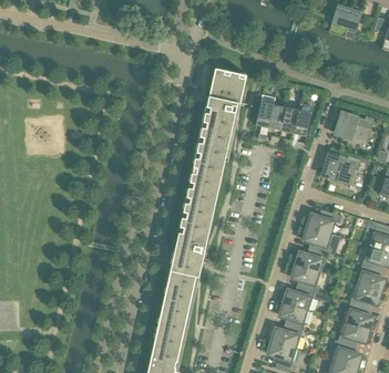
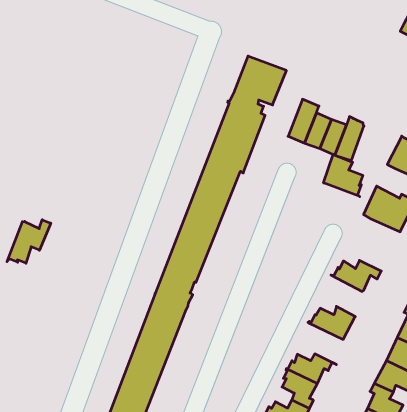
building: none -> [324,154,363,197]
building: none -> [7,220,51,263]
building: [304,226,332,256] -> none
building: [291,265,320,293] -> none

